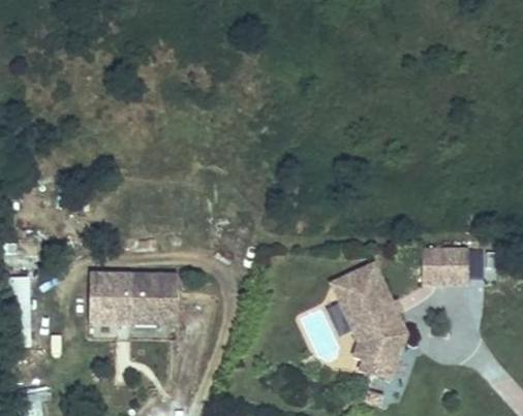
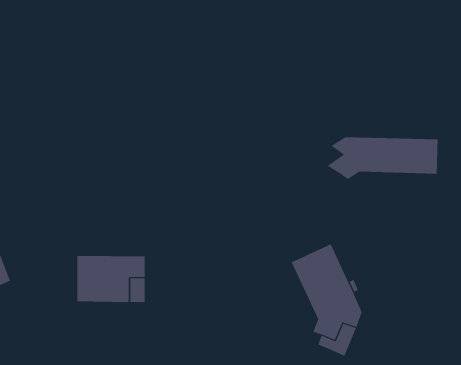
building: none -> [327,137,438,180]
building: [424,246,471,283] -> none

